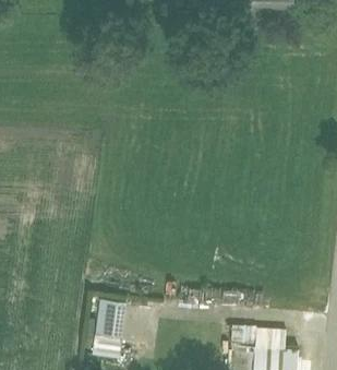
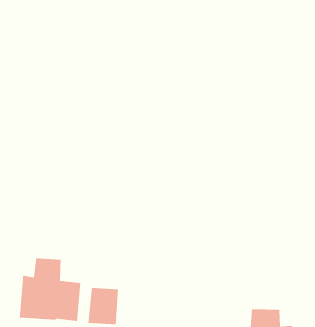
building: none -> [19,257,81,322]

